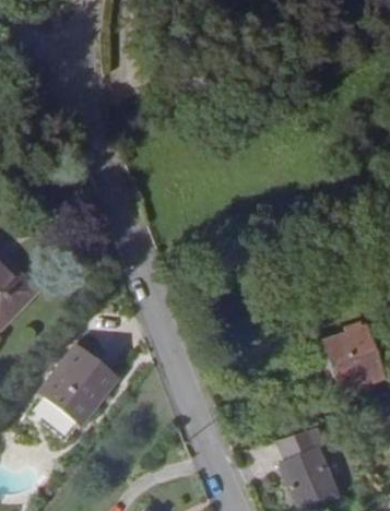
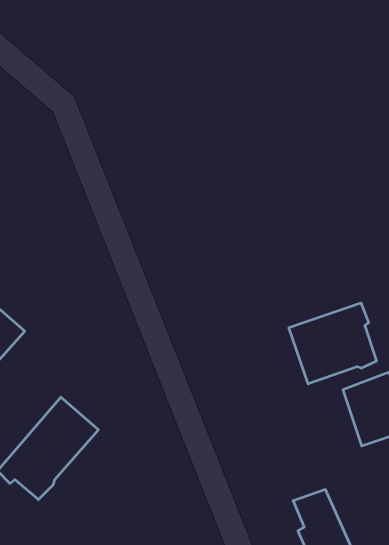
building: none -> [289,303,376,384]

